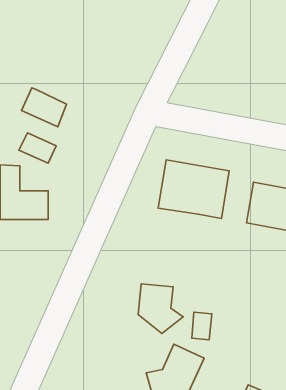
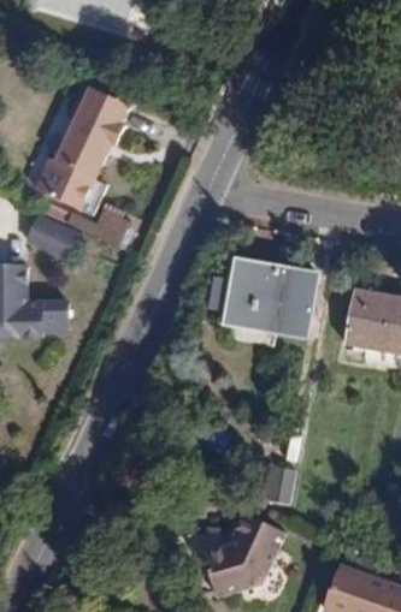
building: none -> [51,85,129,178]
building: [138,284,183,334] -> none

